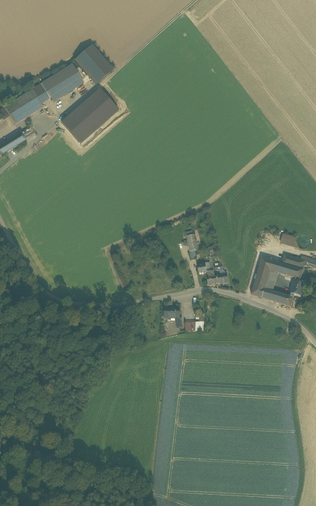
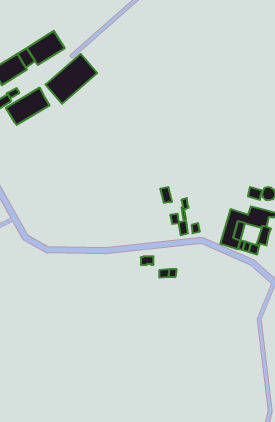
building: [75,44,113,83] -> none
building: none -> [6,88,49,125]

